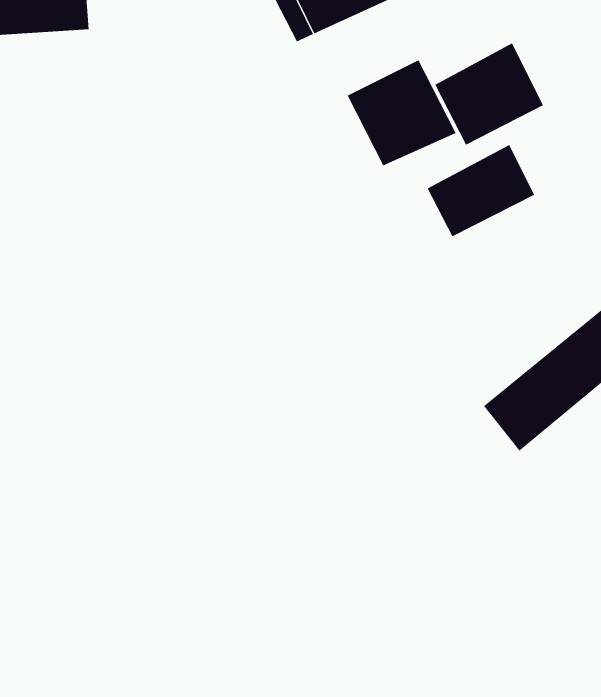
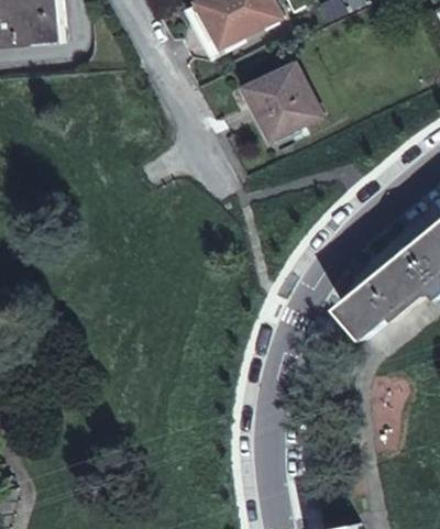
building: [435,42,544,145] -> none
building: [427,144,535,237] -> none

